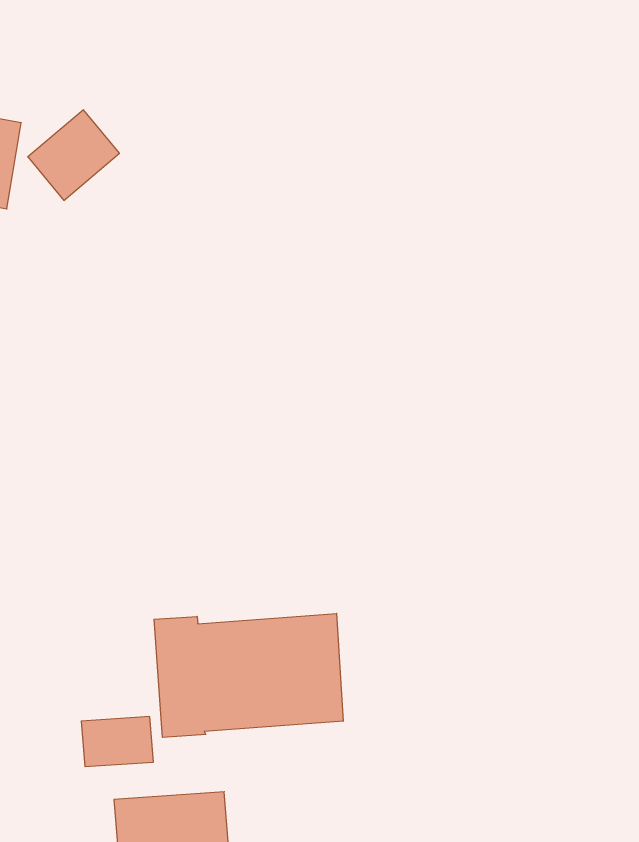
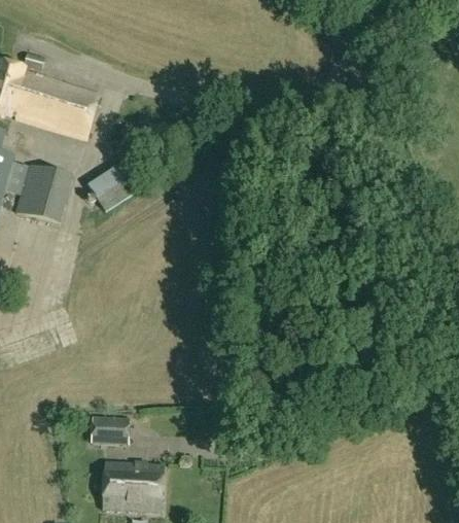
building: [28,110,119,200] -> [87,163,137,210]
building: [154,613,343,737] -> none

